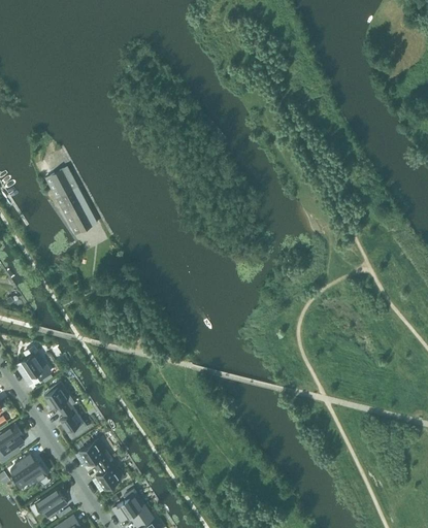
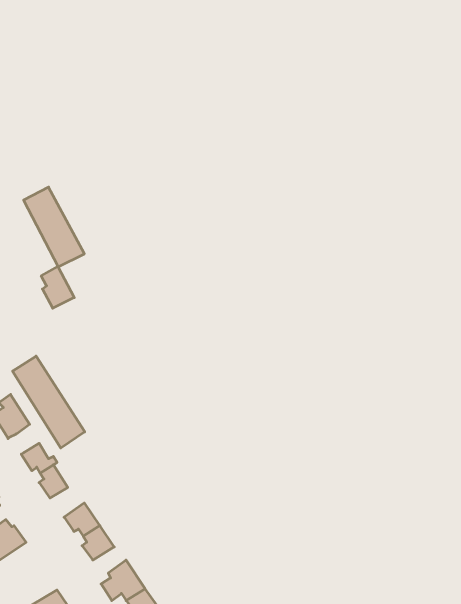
building: none -> [41,266,74,308]
building: none -> [13,356,85,448]
building: [33,486,67,518] -> none

